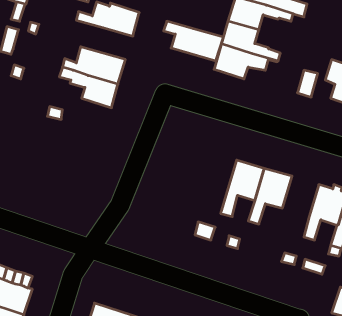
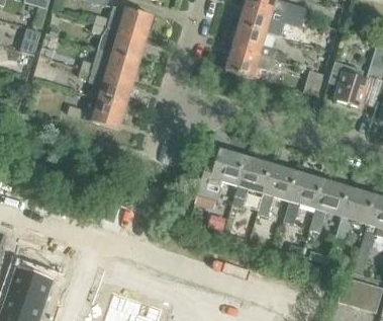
building: [164,21,223,61] -> [91,23,148,61]
building: none -> [92,97,127,130]
building: none -> [196,148,246,202]
building: none -> [283,171,323,225]

